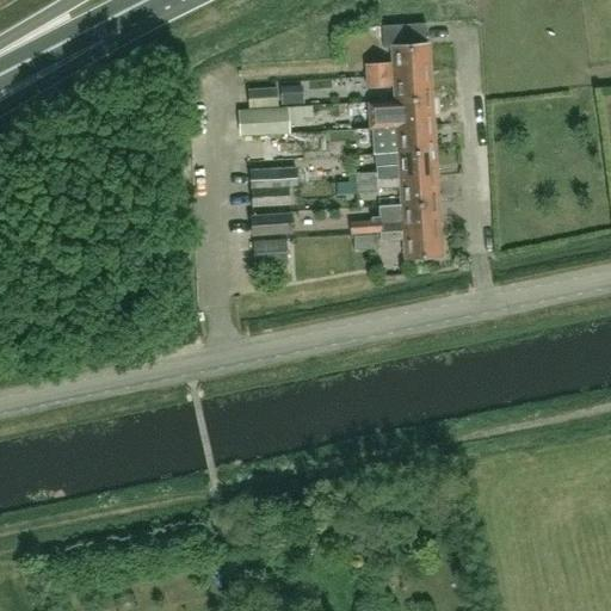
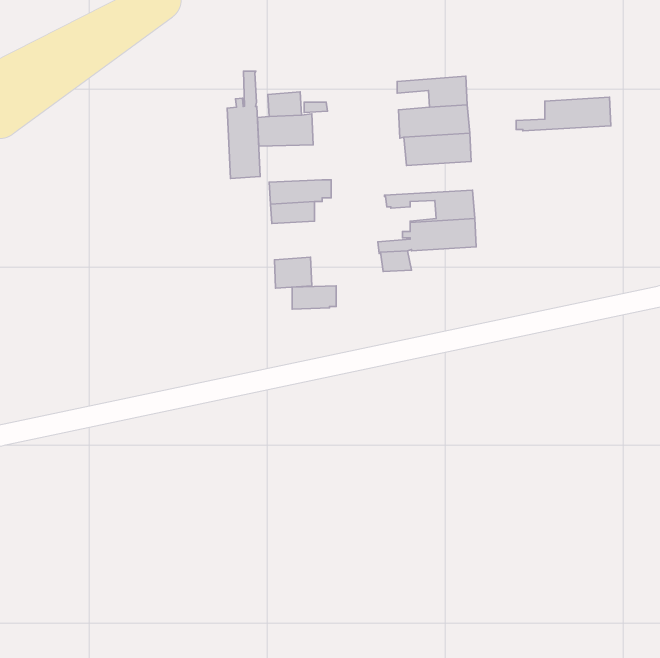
building: [366,23,431,75] -> none
building: none -> [227,71,260,178]
building: [350,149,437,180] -> [516,97,611,131]
building: [252,211,292,233] -> [292,286,336,309]
building: [381,228,442,257] -> none

